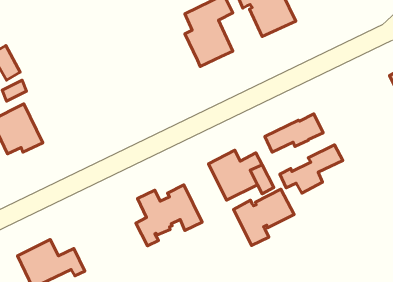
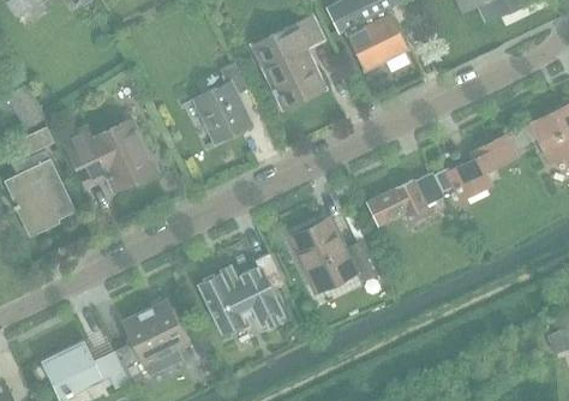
building: none -> [194,65,248,143]
building: none -> [60,120,156,192]
building: [280,145,343,193] -> [433,136,516,199]
building: [233,189,294,246] -> none
building: none -> [114,299,186,381]

